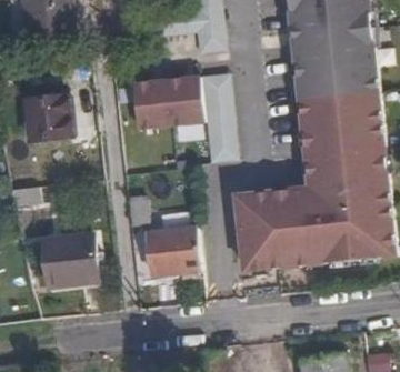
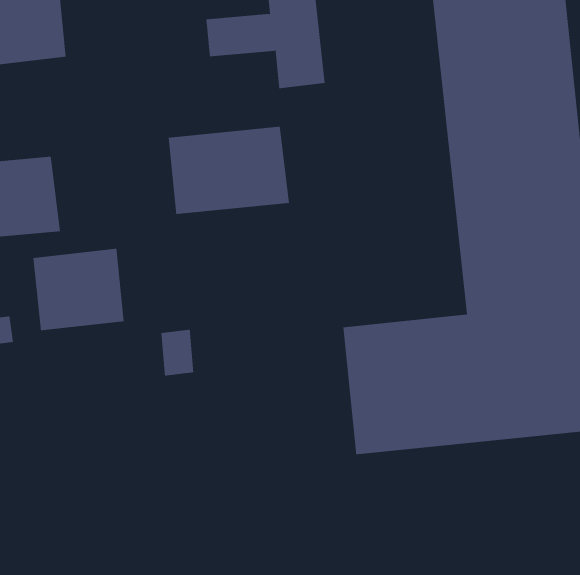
building: [199,73,237,162] -> none
building: [146,228,201,277] -> none
building: [43,235,98,284] -> [33,248,125,331]

